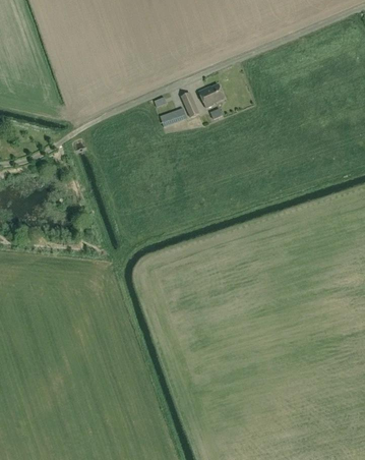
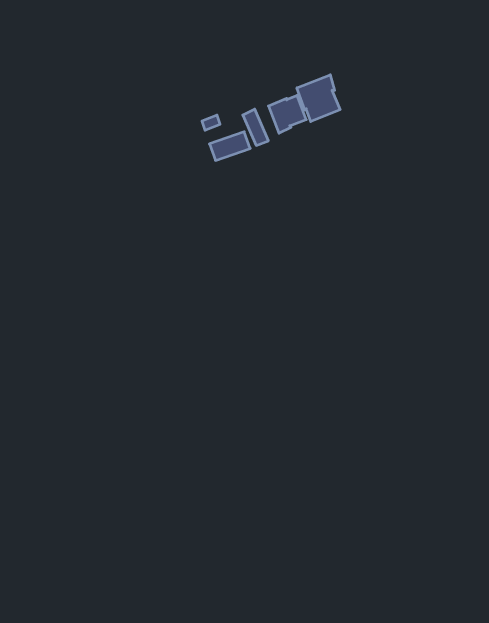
building: none -> [297,75,340,122]

